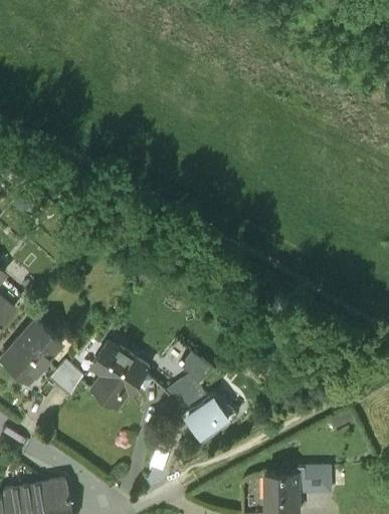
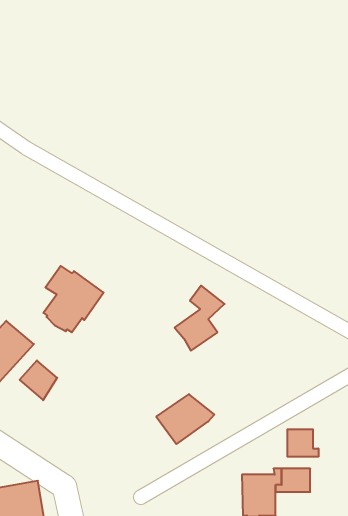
building: [90,342,150,408] -> [43,266,104,332]
building: [166,350,215,415] -> [175,286,225,351]
building: none -> [287,429,318,457]

